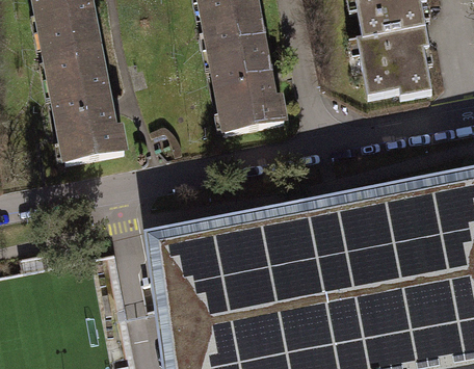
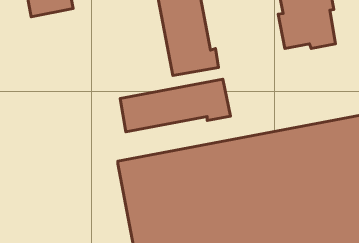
building: [44,42,123,157] -> none
building: none -> [120,79,230,132]

